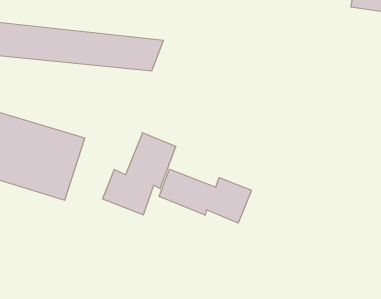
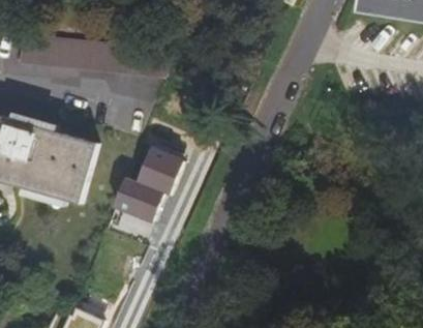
building: [159,169,251,223] -> none

